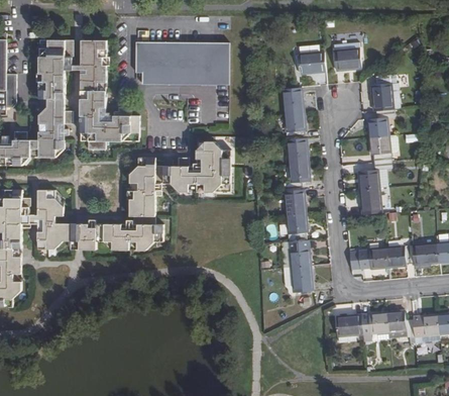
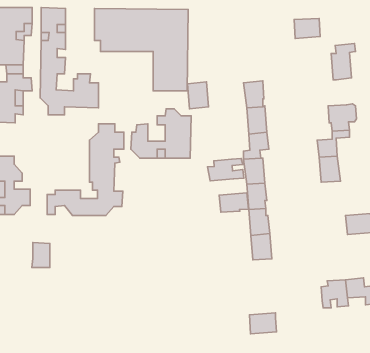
building: [299,53,326,74] -> none
building: [283,88,304,115] -> [187,82,208,109]
building: [367,110,394,138] -> none
building: none -> [208,159,244,181]
building: [70,222,88,248] -> [32,242,50,268]
building: none -> [219,193,249,212]
building: [361,249,388,270] -> none
building: [336,315,363,336] -> [249,313,277,334]

